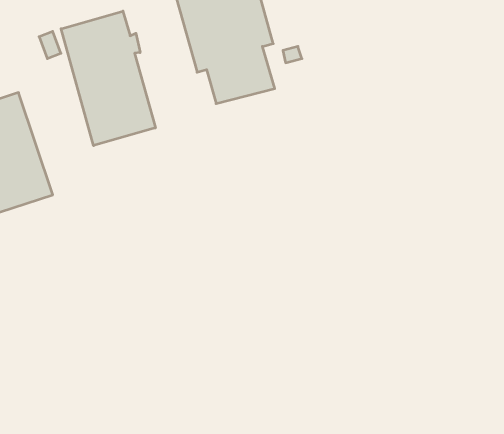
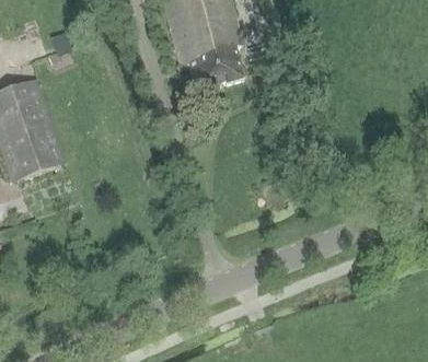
building: [61,11,155,146] -> none

